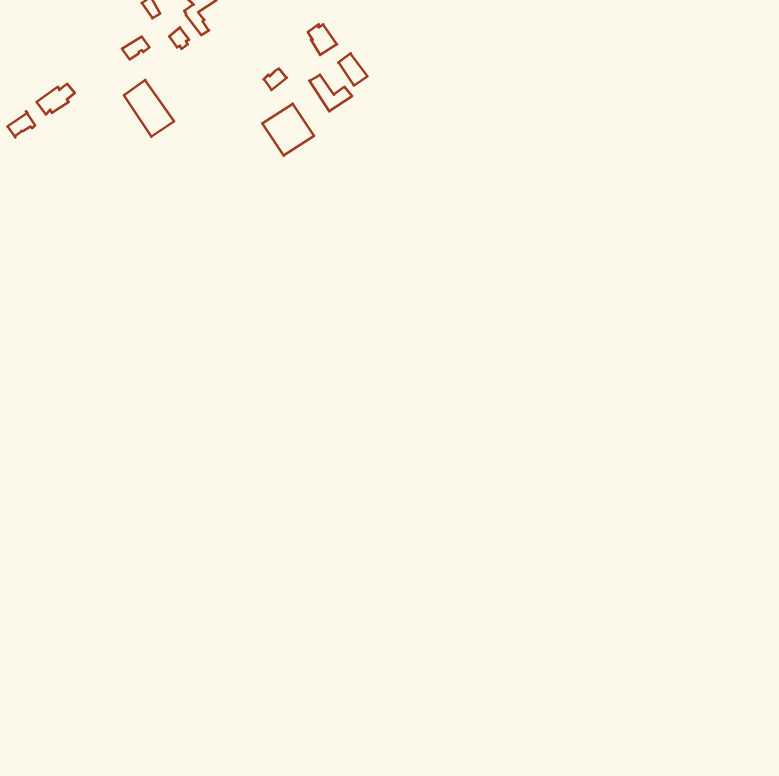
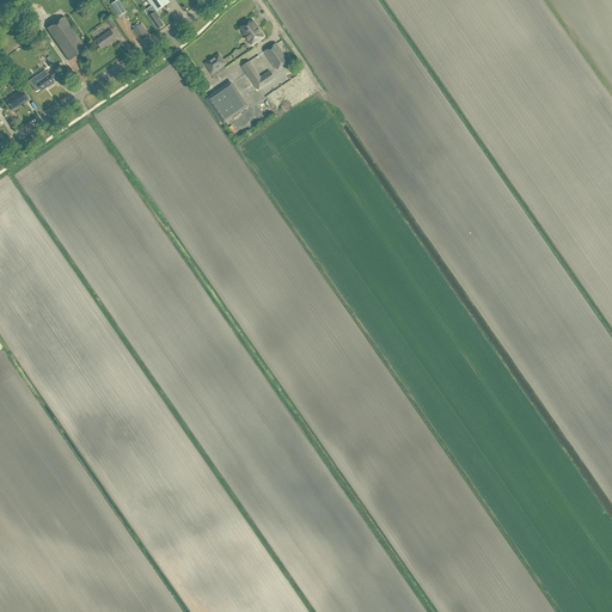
building: [124,80,174,137] -> [47,14,86,59]

